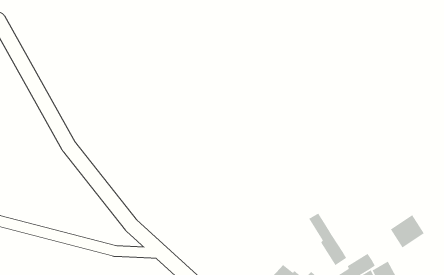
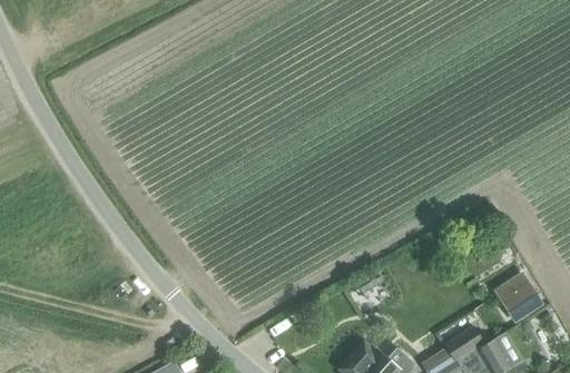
building: [308,213,347,266] -> none

